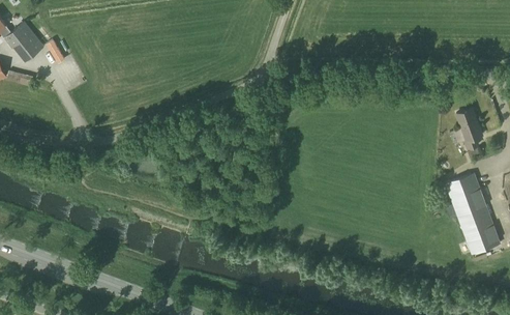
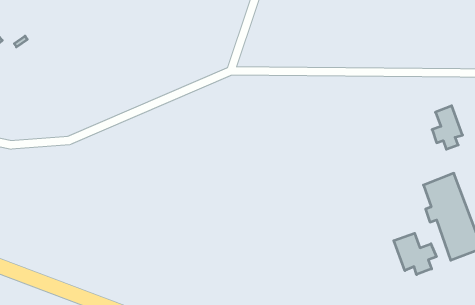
building: none -> [394,233,436,275]

